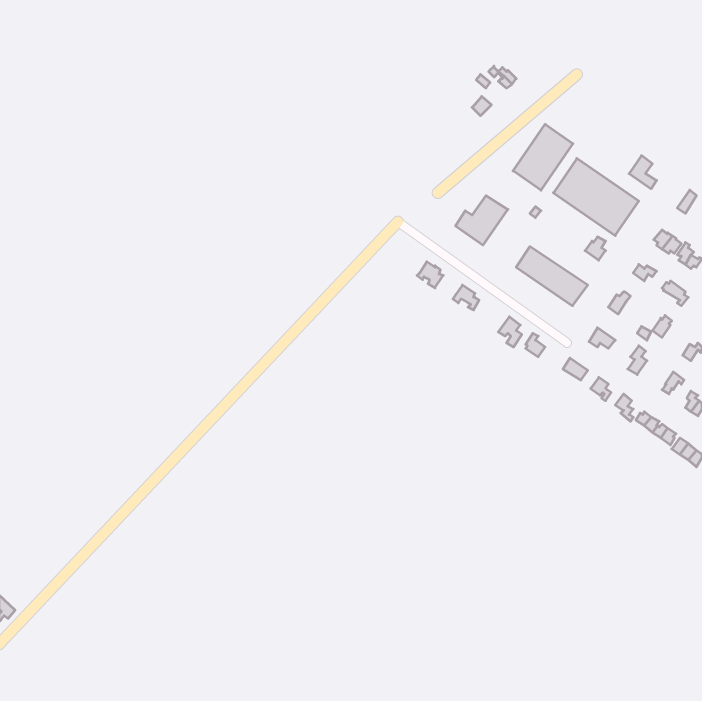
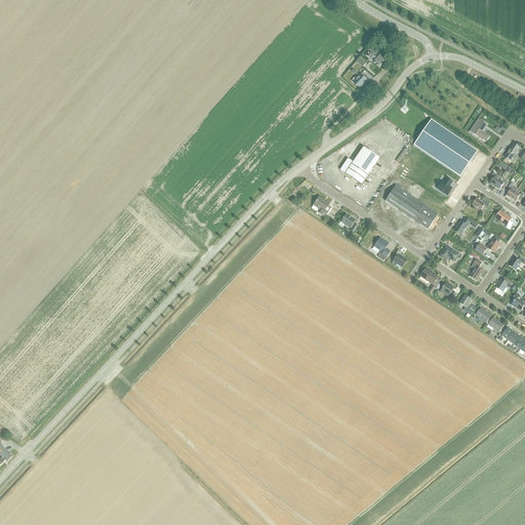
building: [513,124,573,190] -> none

